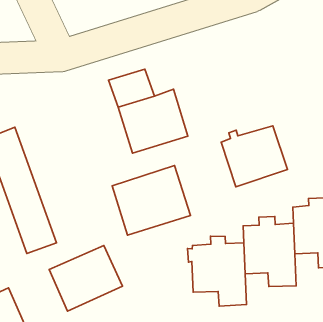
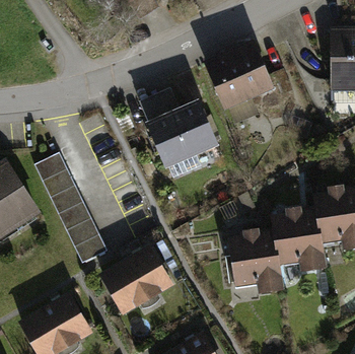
building: [221,126,288,187] -> [210,48,272,105]
building: [112,165,191,235] -> none

